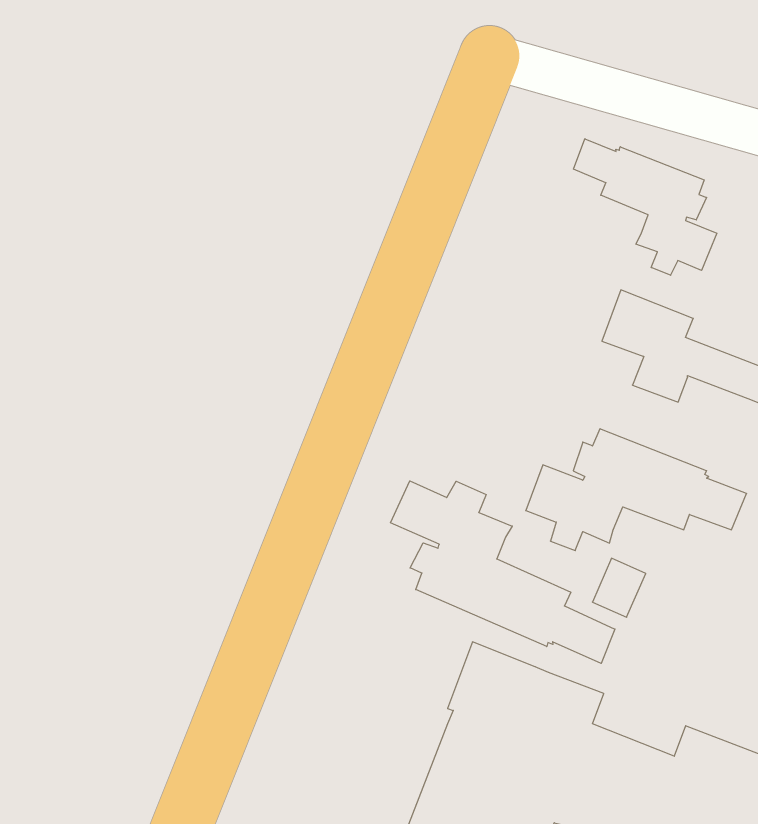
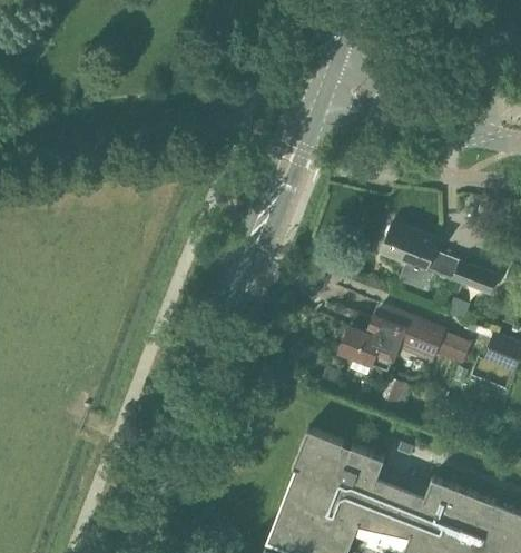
building: [574,139,717,275] -> none
building: [391,481,615,663] -> none

